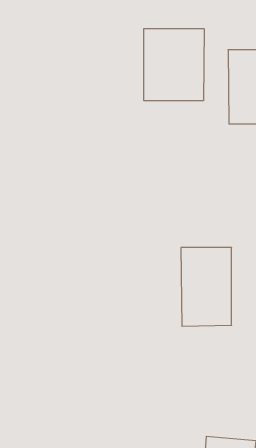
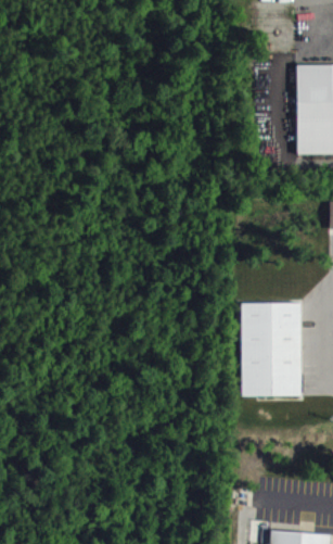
building: [144,29,204,101] -> none

